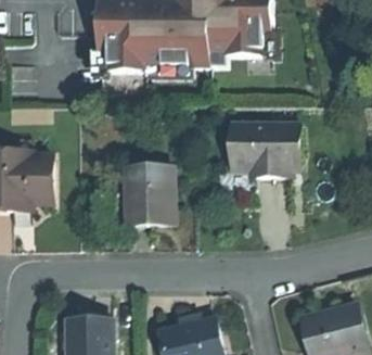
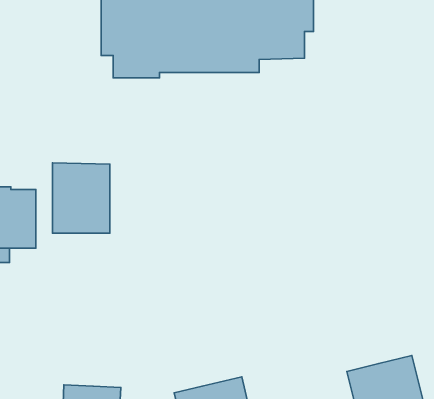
building: [231,123,300,176] -> none
building: [125,165,171,223] -> [53,163,110,233]

